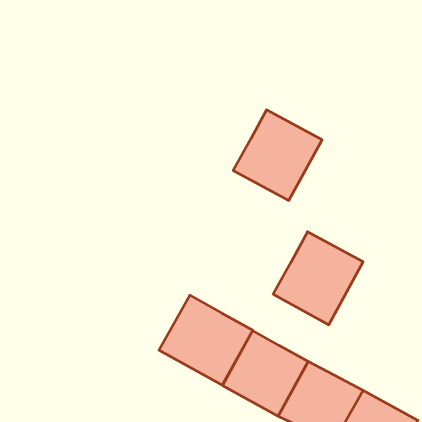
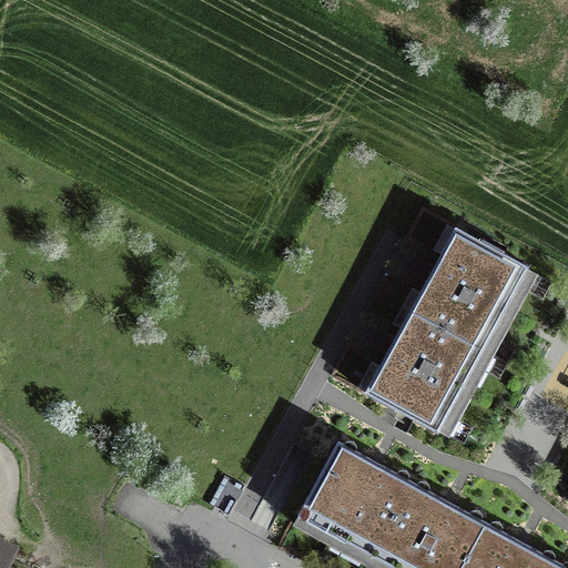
building: [233,110,322,200] -> [414,232,532,353]
building: [159,295,253,385] -> none

